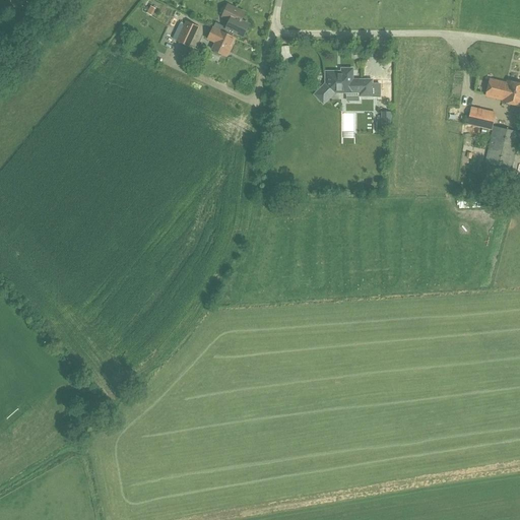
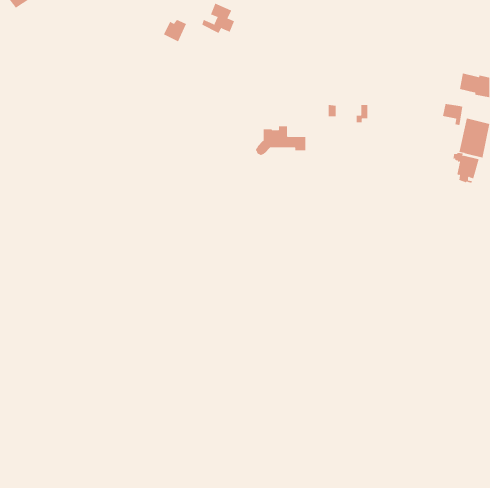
building: [208,26,235,54] -> none
building: [318,67,372,99] -> [255,126,306,156]

